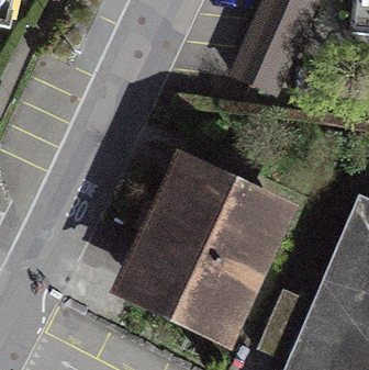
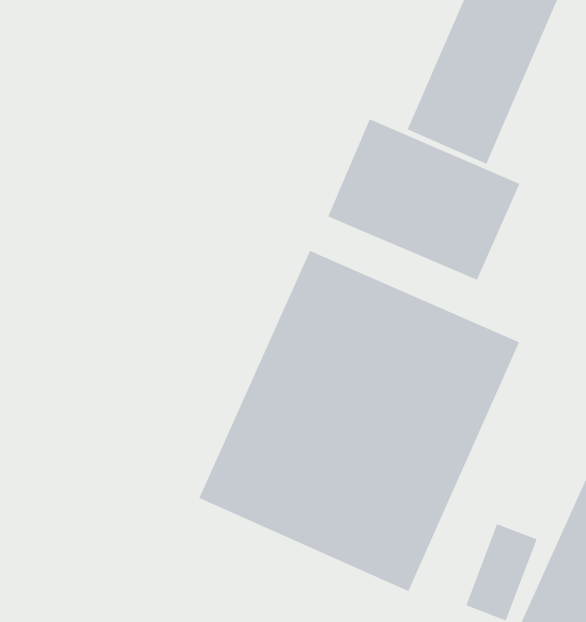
building: none -> [327,118,520,280]

